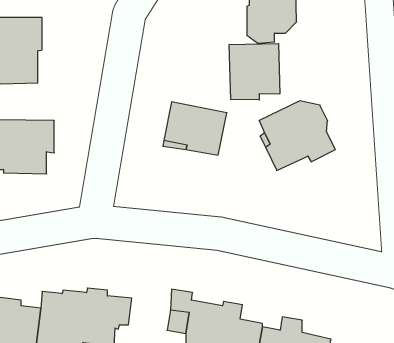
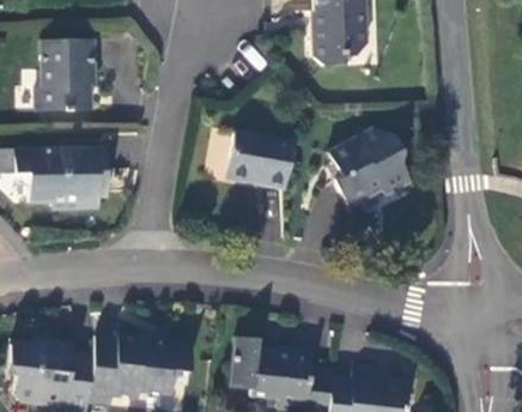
building: [229,44,280,100] -> none

